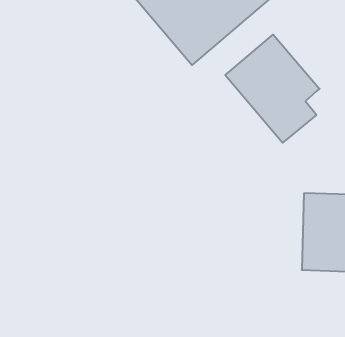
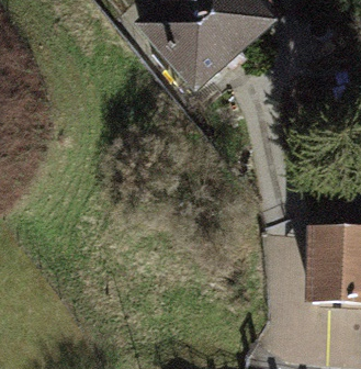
building: [225,35,320,143] -> none

